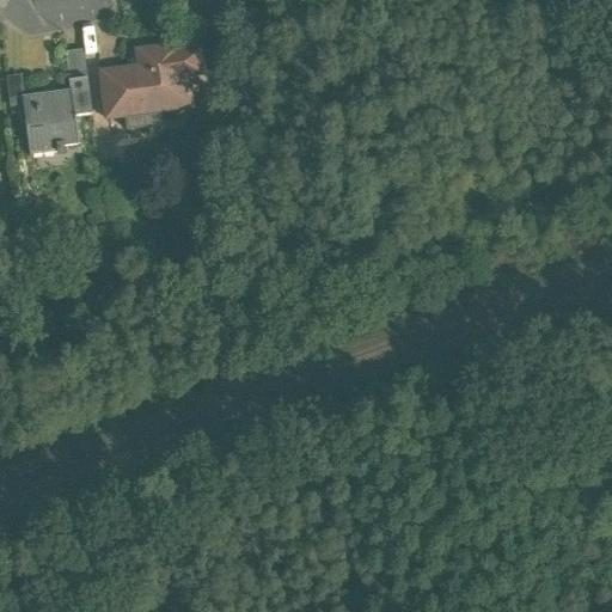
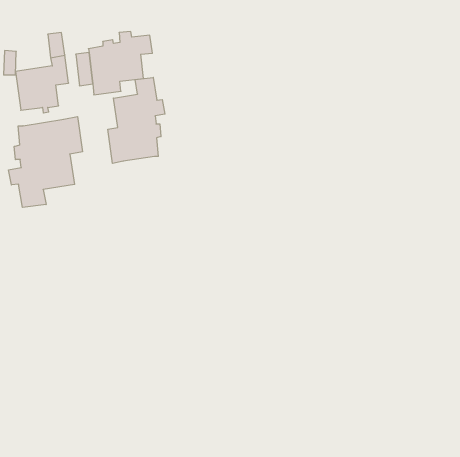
building: none -> [108,77,165,163]
building: none -> [9,117,82,207]

